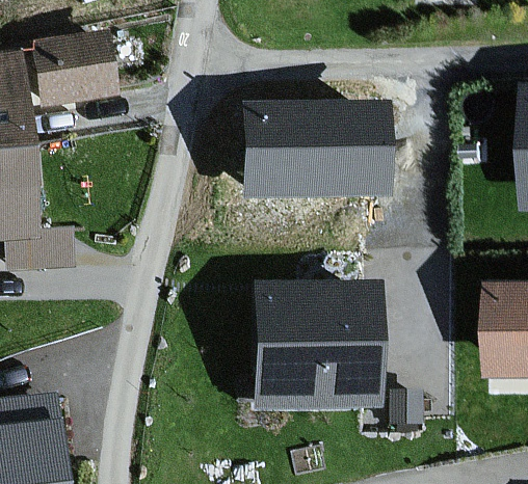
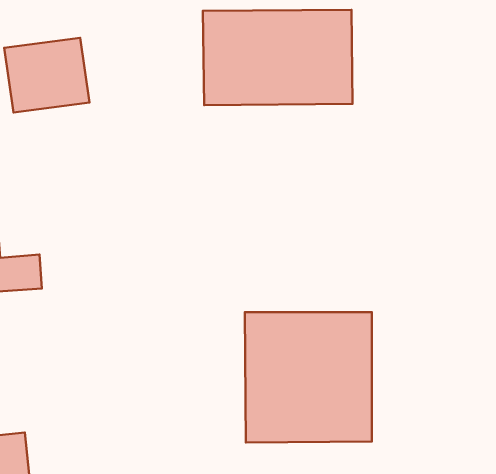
building: [243,107,380,194] -> [203,10,353,105]

